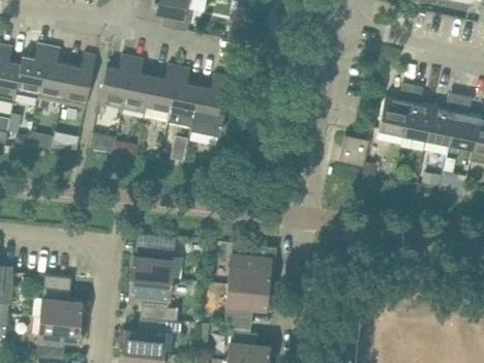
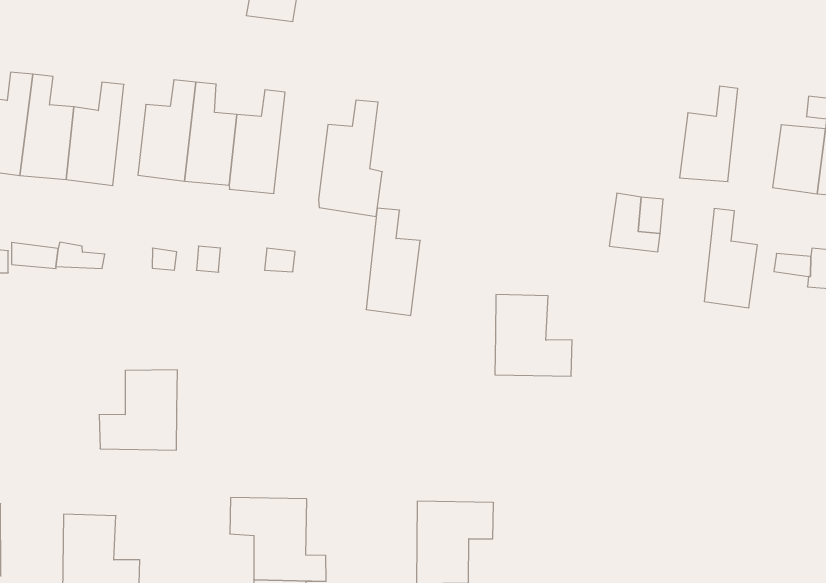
building: [169,68,200,125] -> [366,208,420,315]
building: [403,87,433,140] -> [704,209,757,308]
building: [132,236,176,279] -> [99,370,177,450]
building: [229,244,270,290] -> [495,295,572,376]

